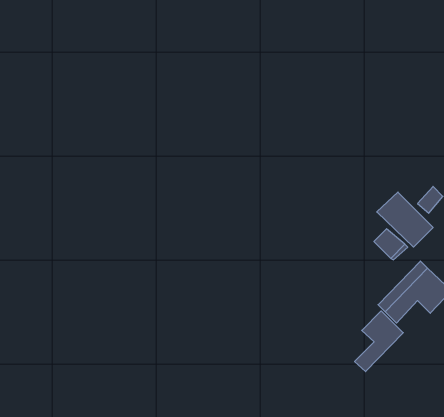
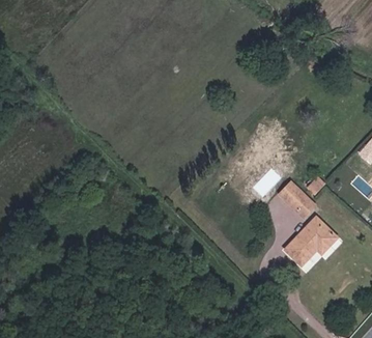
building: [355,311,403,372] -> none

